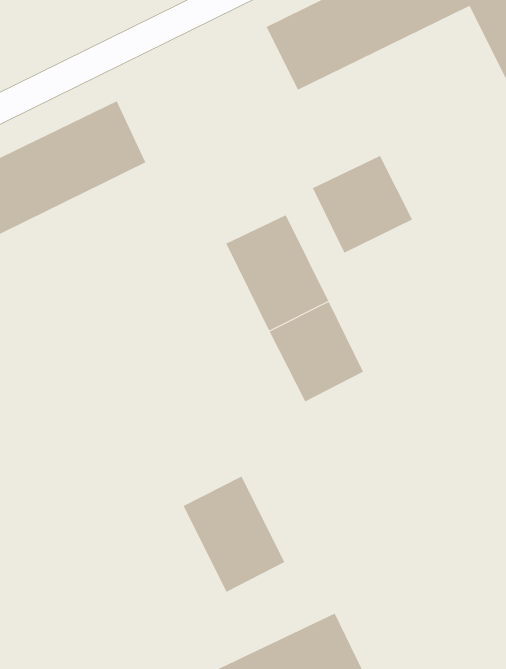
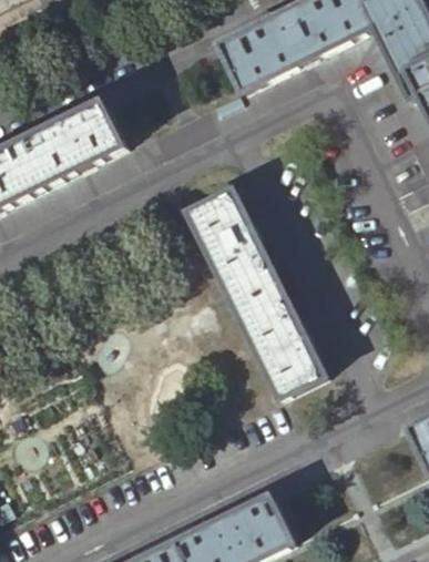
building: [312,155,413,254] -> none
building: [183,476,285,593] -> [247,308,326,398]

